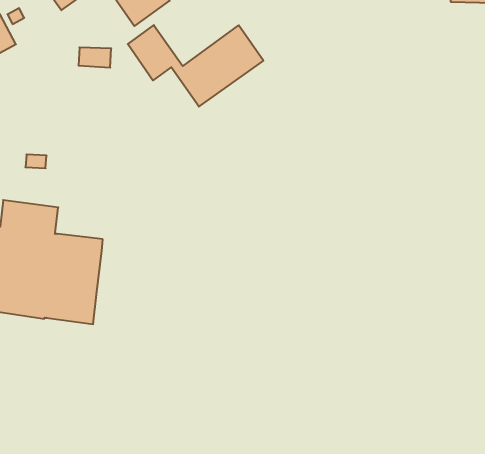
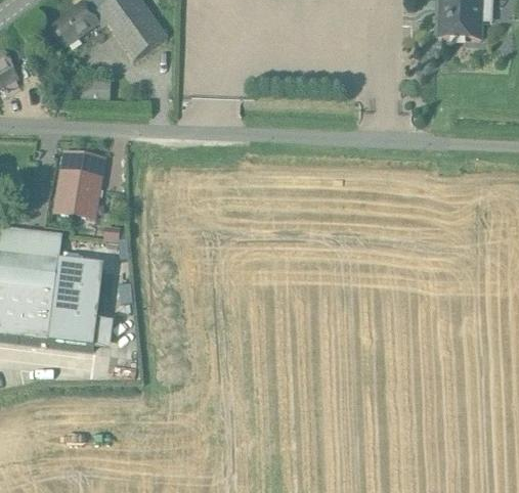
building: [128,25,263,107] -> none
building: none -> [51,147,105,219]

